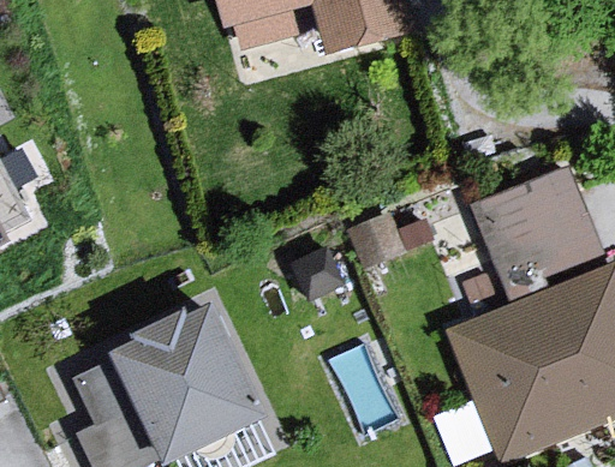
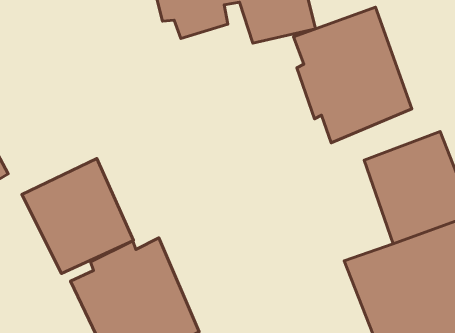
building: none -> [293,7,412,143]
building: none -> [22,159,134,274]

